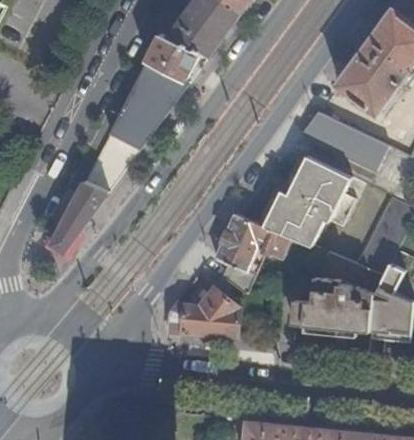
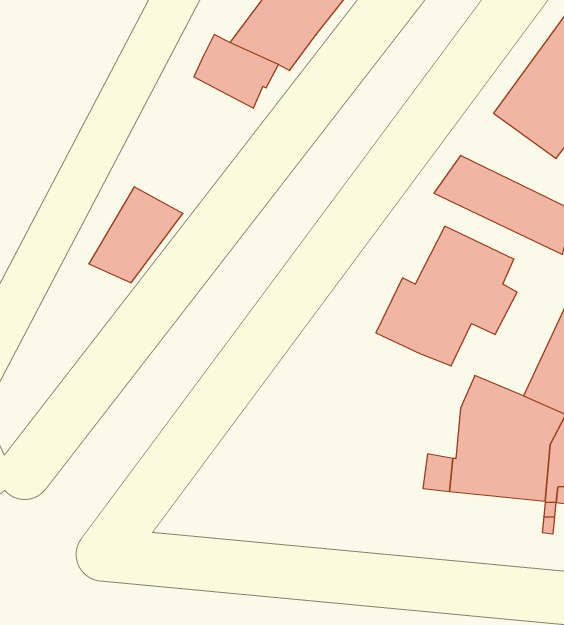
building: [109,61,190,148] -> none
building: [42,180,107,258] -> none
building: [216,213,291,295] -> none
building: [164,287,241,338] -> none

